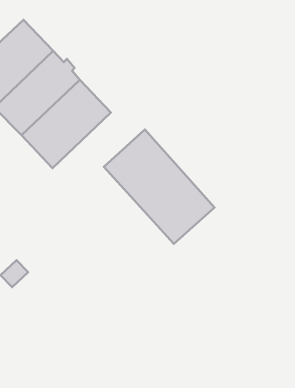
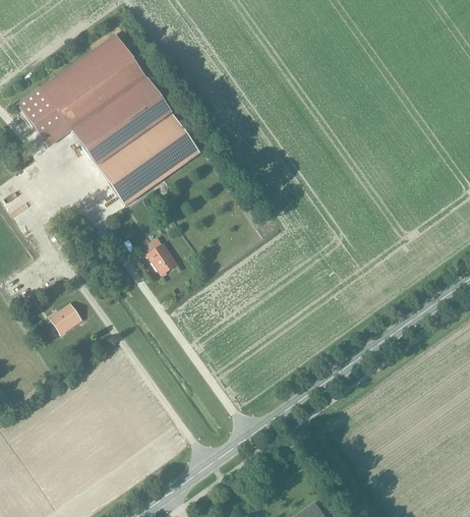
building: [104,129,214,244] -> none
building: none -> [146,238,176,274]

